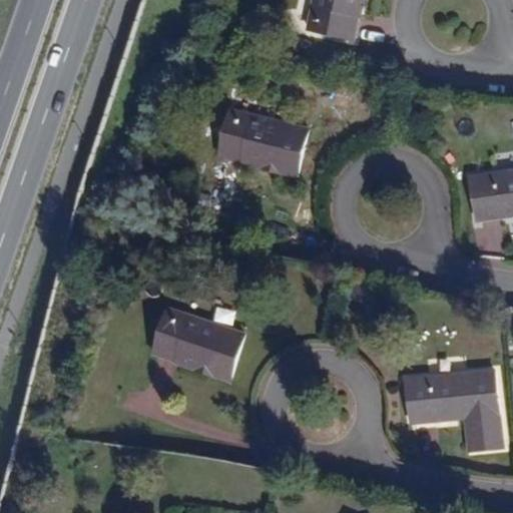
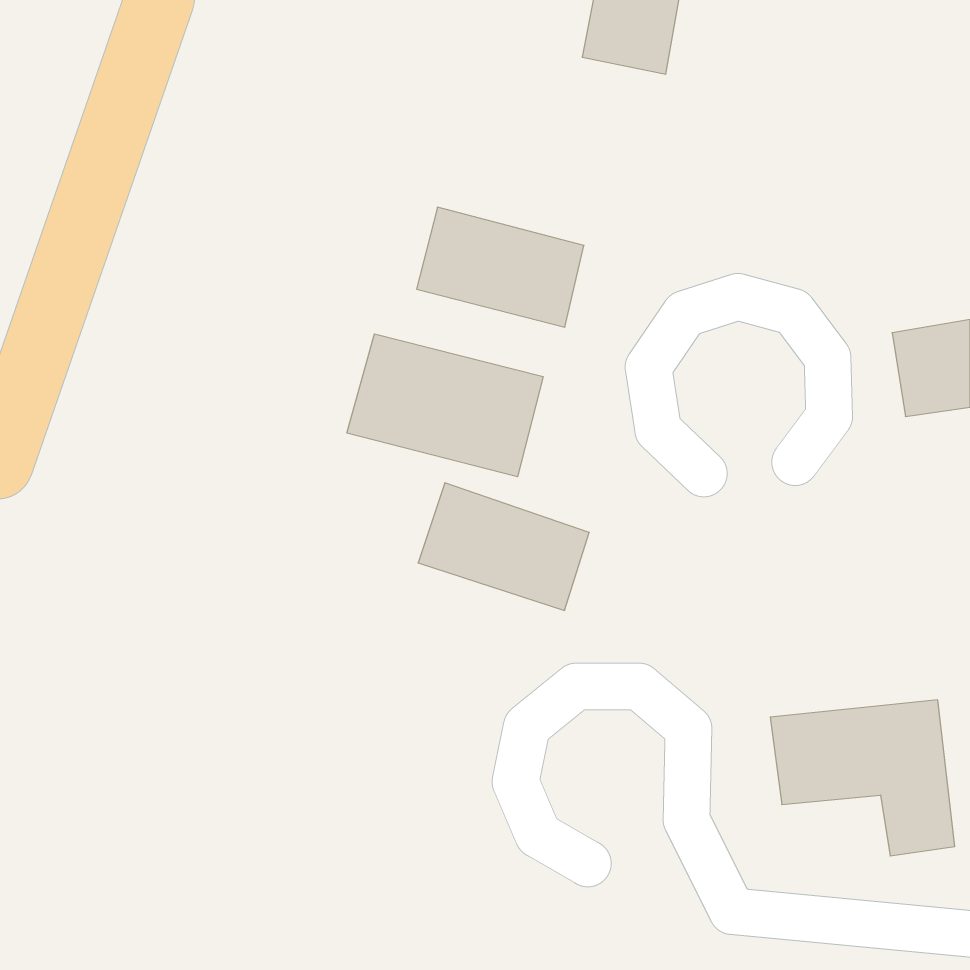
building: none -> [347,334,543,477]
building: [152,310,242,377] -> [418,483,589,610]

